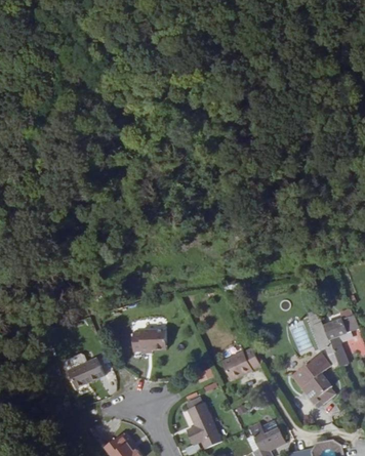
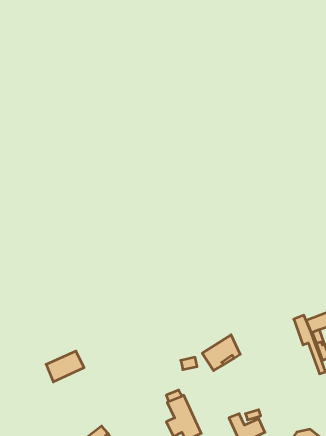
building: [130,330,164,351] -> none
building: [291,359,329,409] -> none

